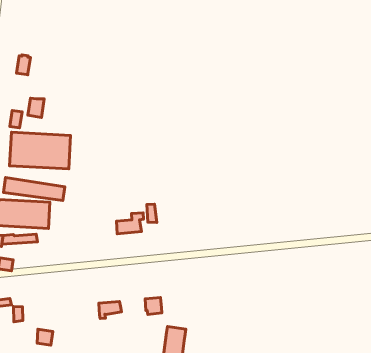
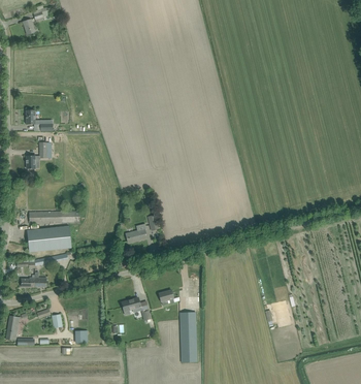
building: [10,132,70,169] -> none

